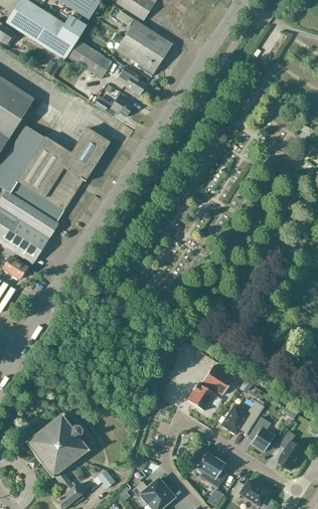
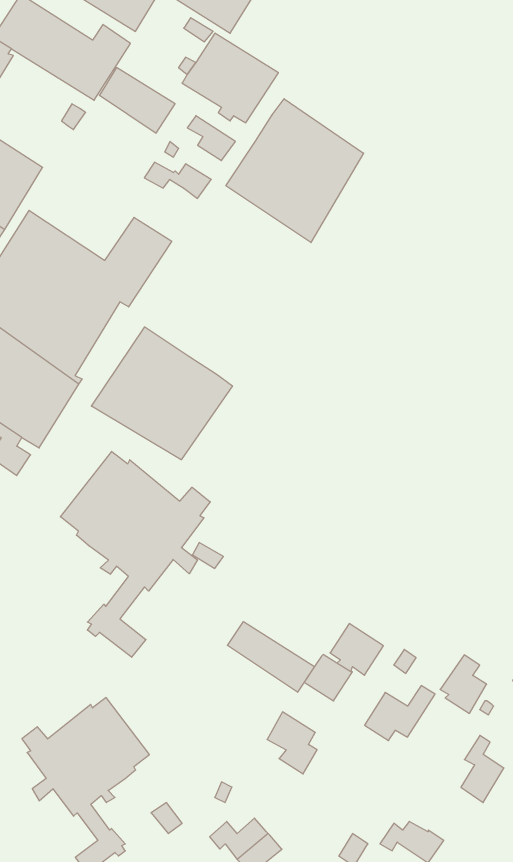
building: none -> [226,99,364,243]
building: none -> [91,327,232,460]
building: none -> [60,451,210,657]
building: none -> [227,622,314,692]
building: [248,417,275,452] -> [440,655,487,713]
building: [197,452,226,488] -> [267,712,317,774]

